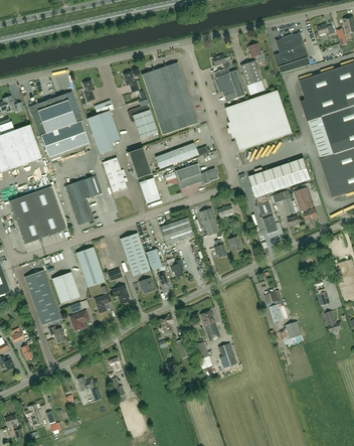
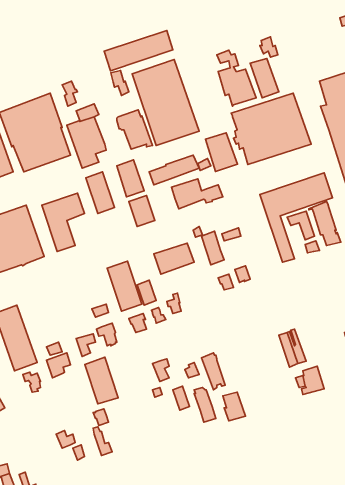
building: [275,33,311,73] -> none
building: none -> [104,30,173,71]
building: none -> [205,133,237,171]
building: [76,247,105,286] -> [85,357,118,404]
building: [52,272,79,303] -> none

